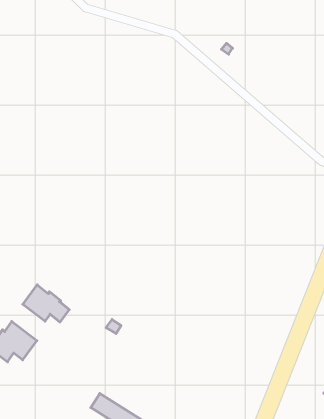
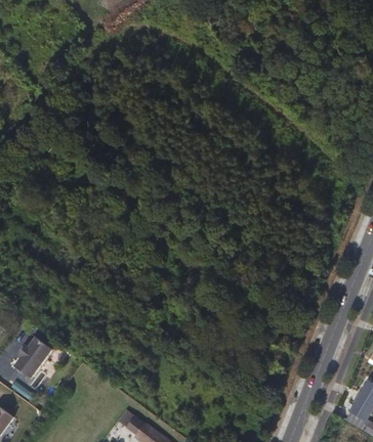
building: [23,285,69,322] -> none

